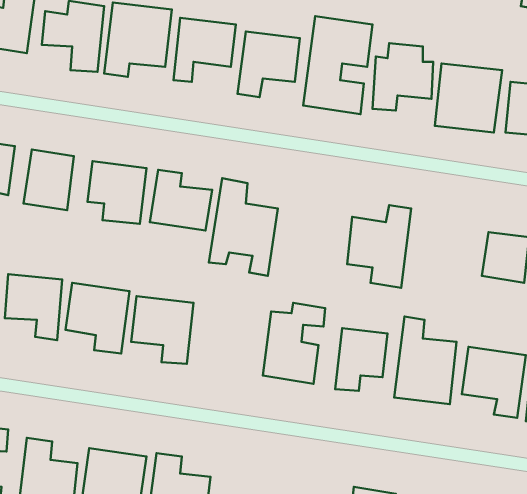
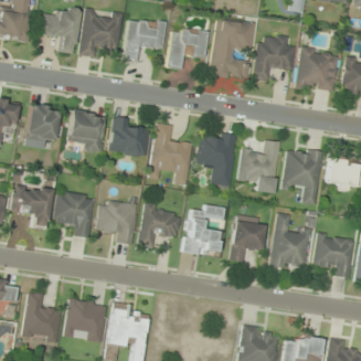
building: none -> [195,130,236,189]
building: none -> [280,148,322,204]
building: none -> [137,204,181,247]

